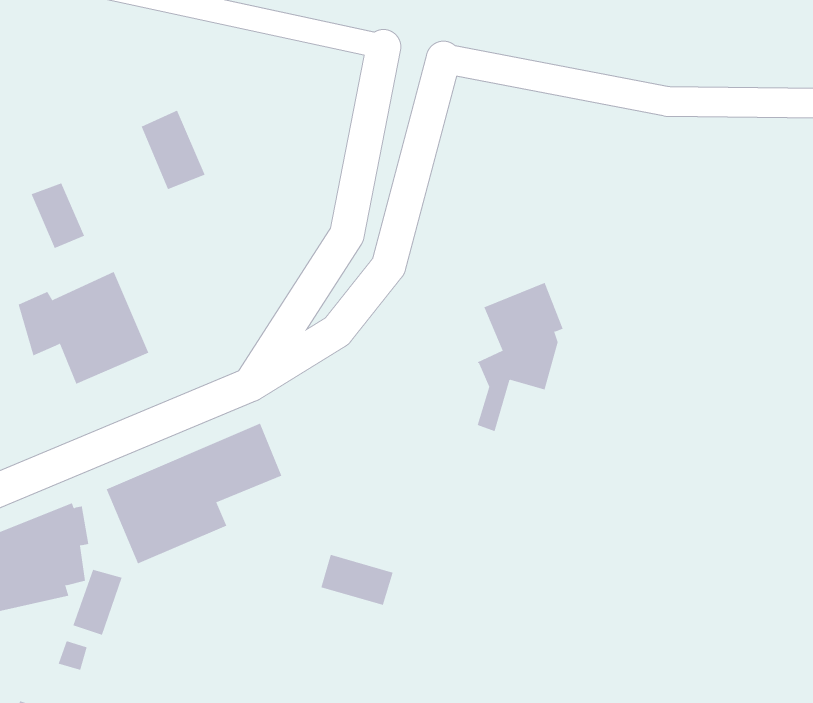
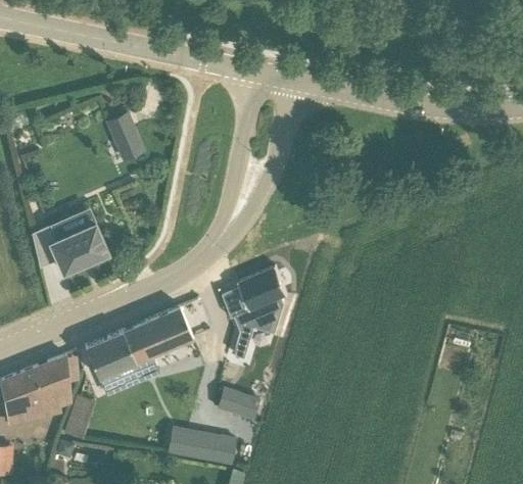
building: [31,183,85,249] -> none
building: [477,282,563,432] -> [234,267,287,358]
building: none -> [169,427,235,465]

